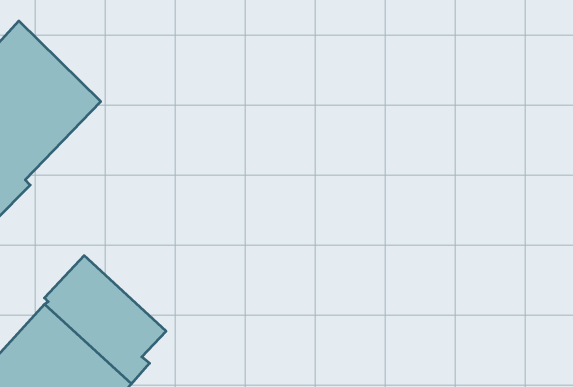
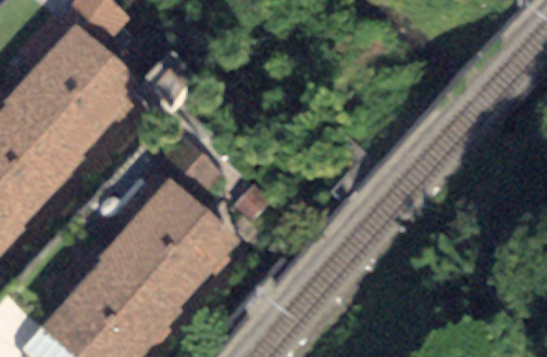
building: none -> [128,177,238,285]

